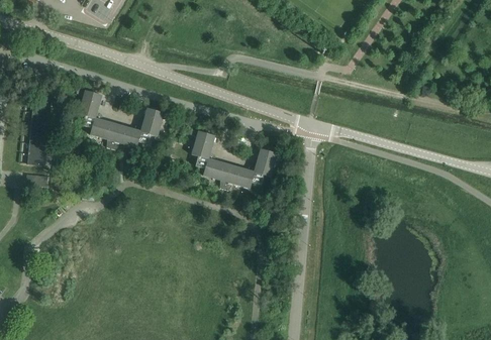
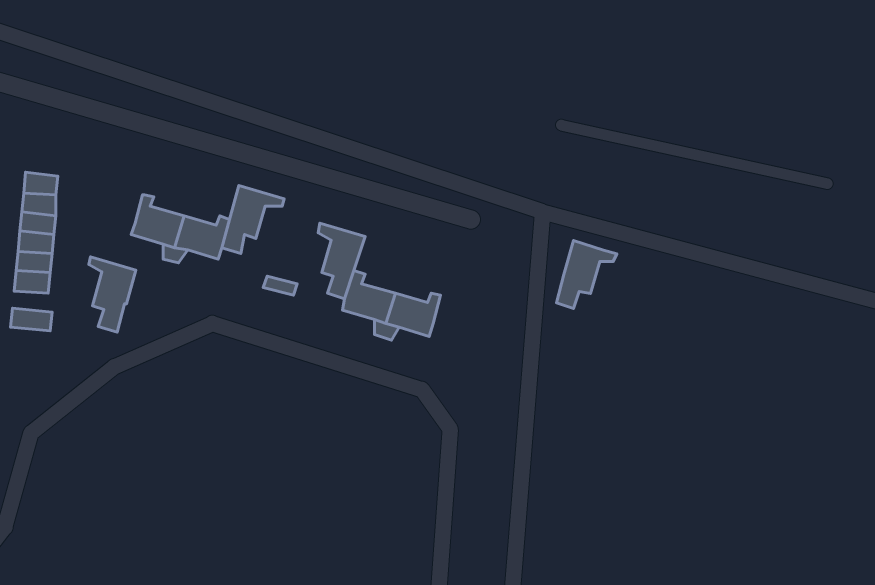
building: [76,87,101,127] -> [89,257,136,332]
building: [251,147,283,184] -> [556,241,617,309]

